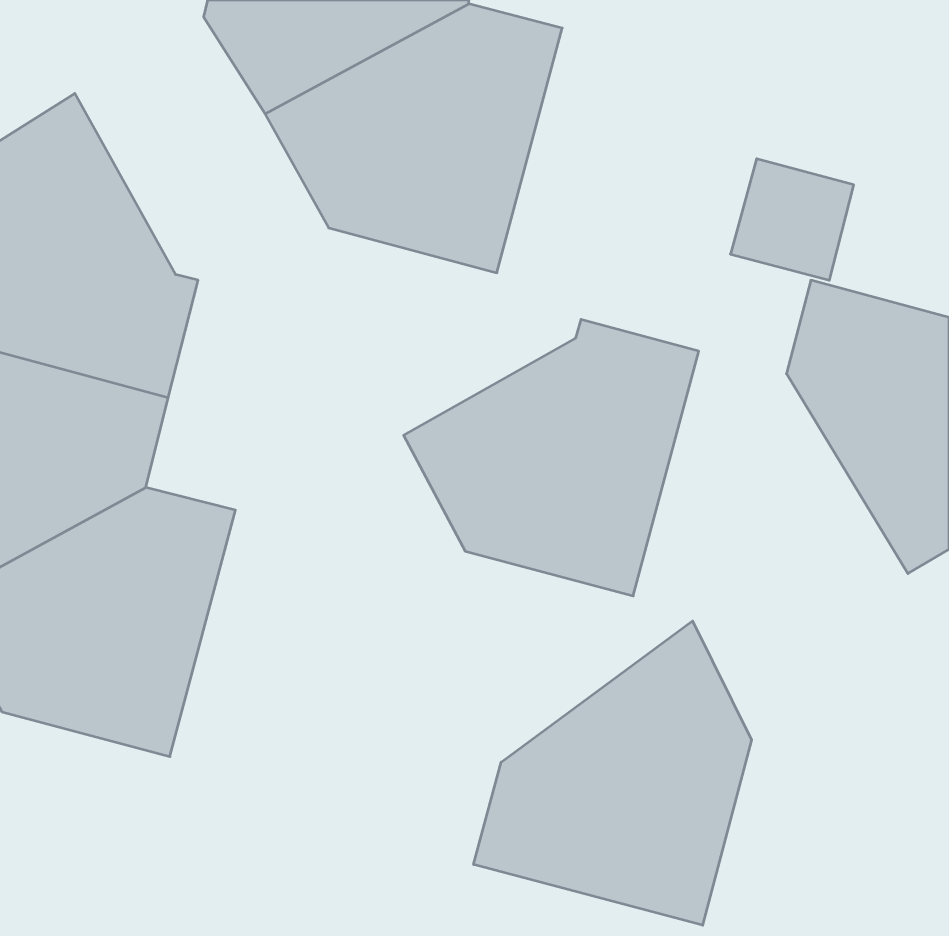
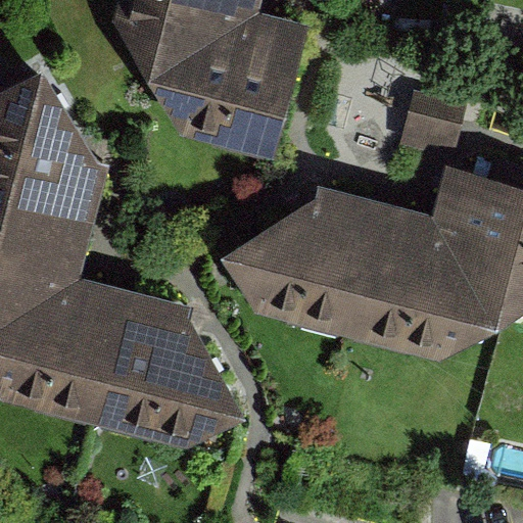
building: none -> [346,202,496,361]
building: none -> [93,289,244,448]
building: [474,621,752,925] -> none

